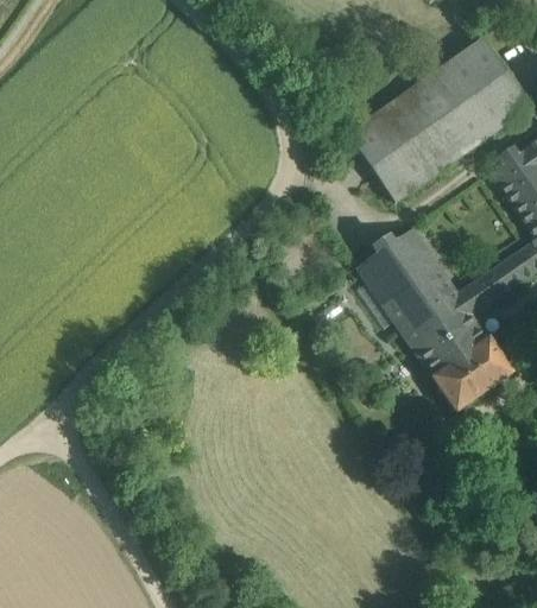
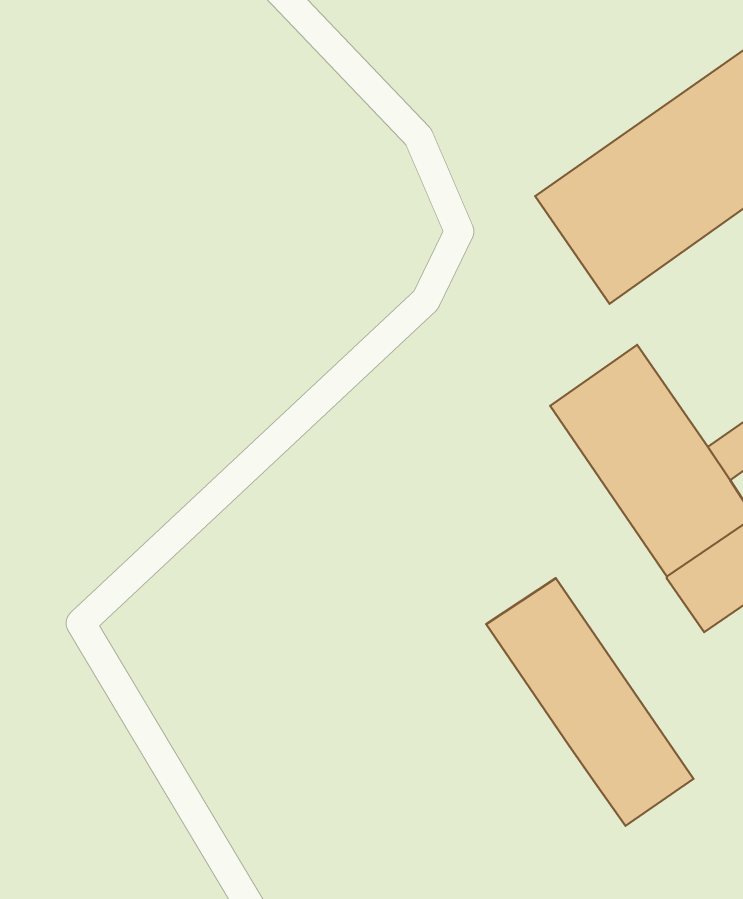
building: none -> [486,578,694,826]

